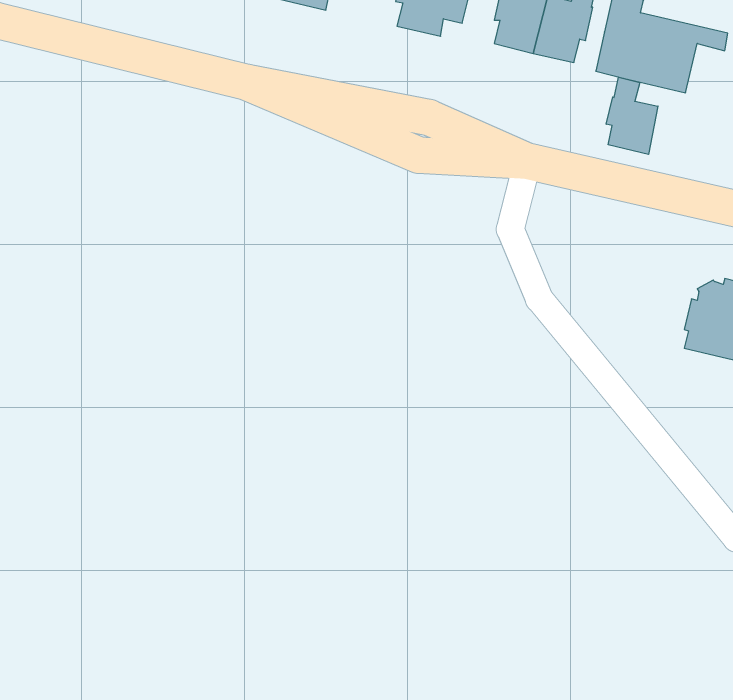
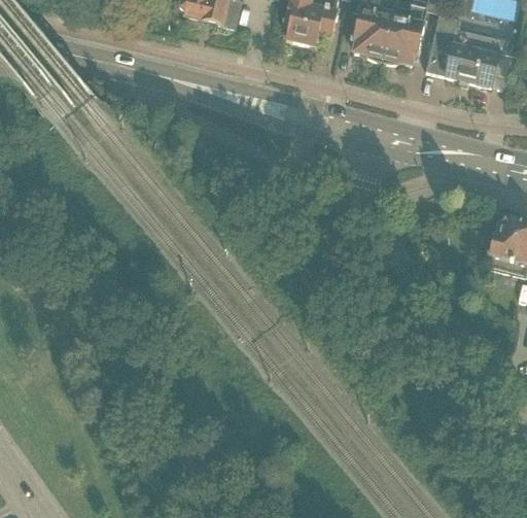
building: [606,77,658,154] -> none

